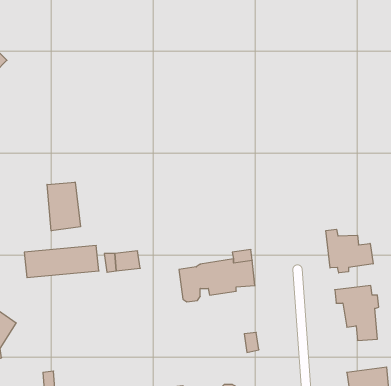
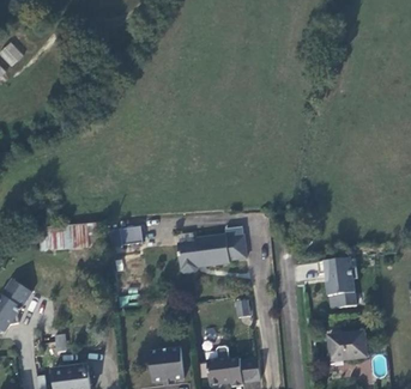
building: [47,182,80,231] -> none
building: [326,229,373,273] -> none

